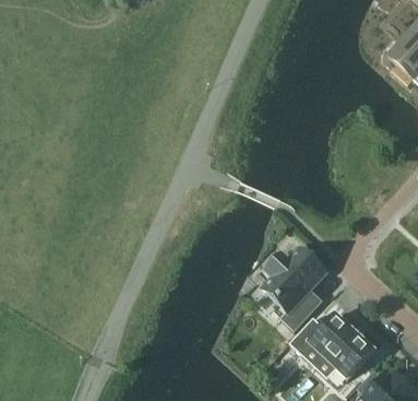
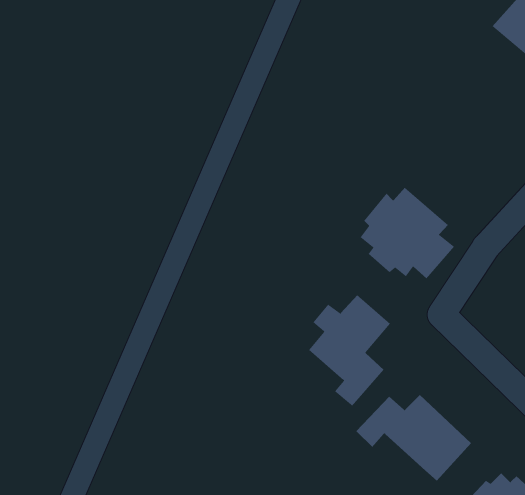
building: none -> [360,187,455,279]

